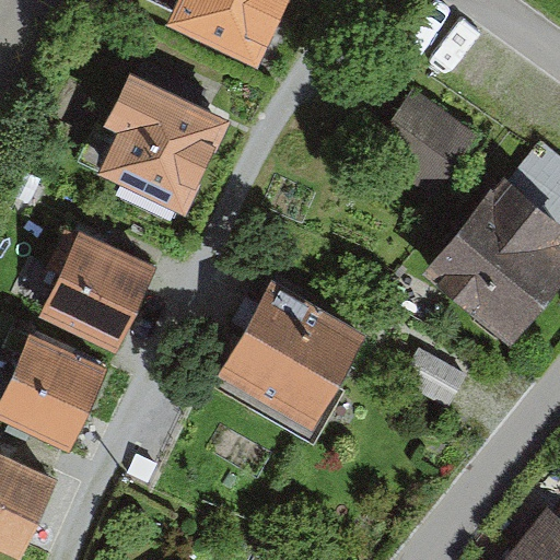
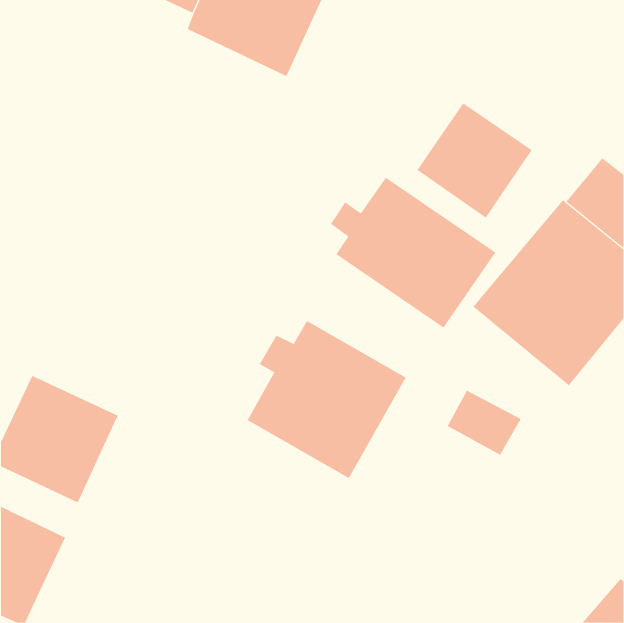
building: [80,74,230,213] -> none
building: none -> [330,177,496,328]
building: [44,228,155,350] -> none

